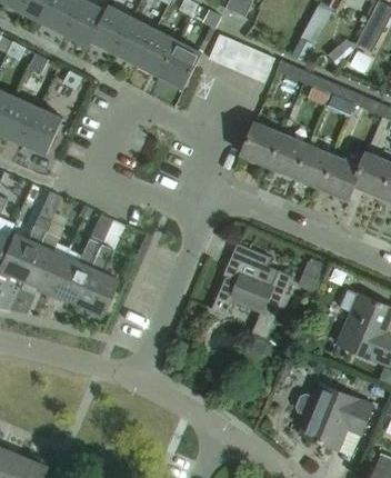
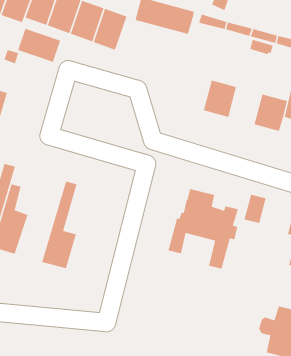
building: none -> [17,28,61,63]
building: [242,122,282,166] -> none
building: [295,145,334,188] -> none
building: [48,213,112,305] -> none

